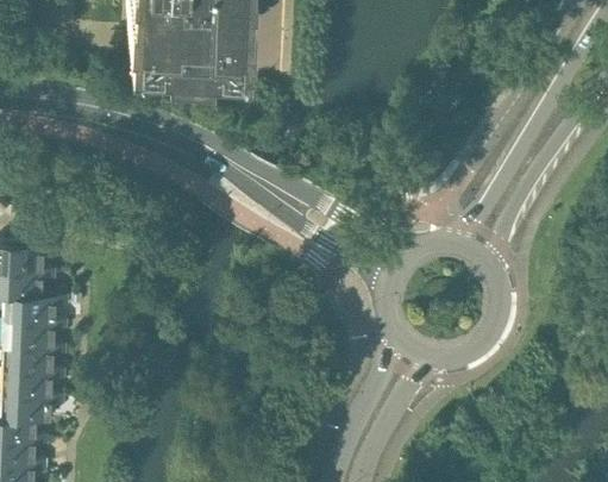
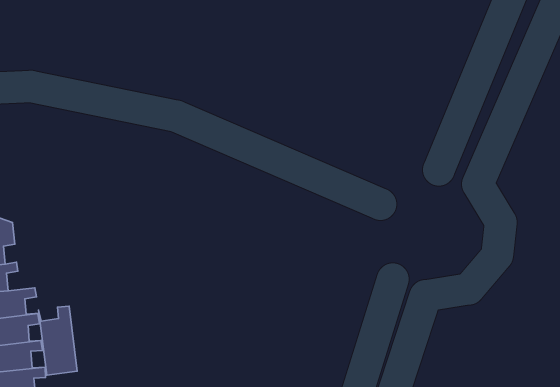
building: none -> [39,306,77,375]

